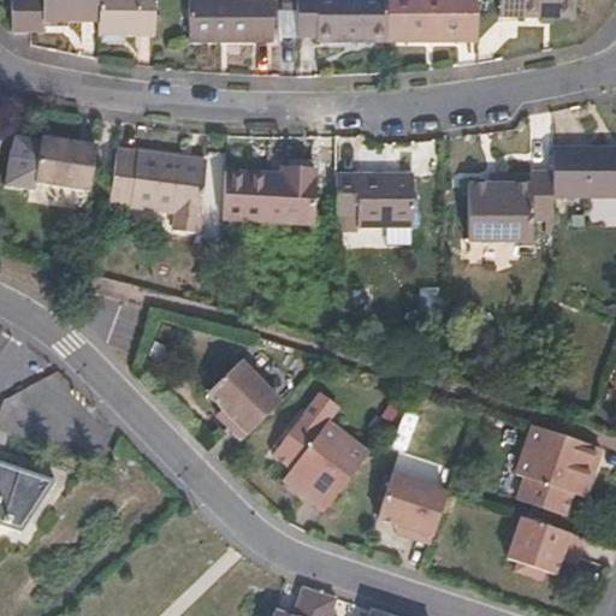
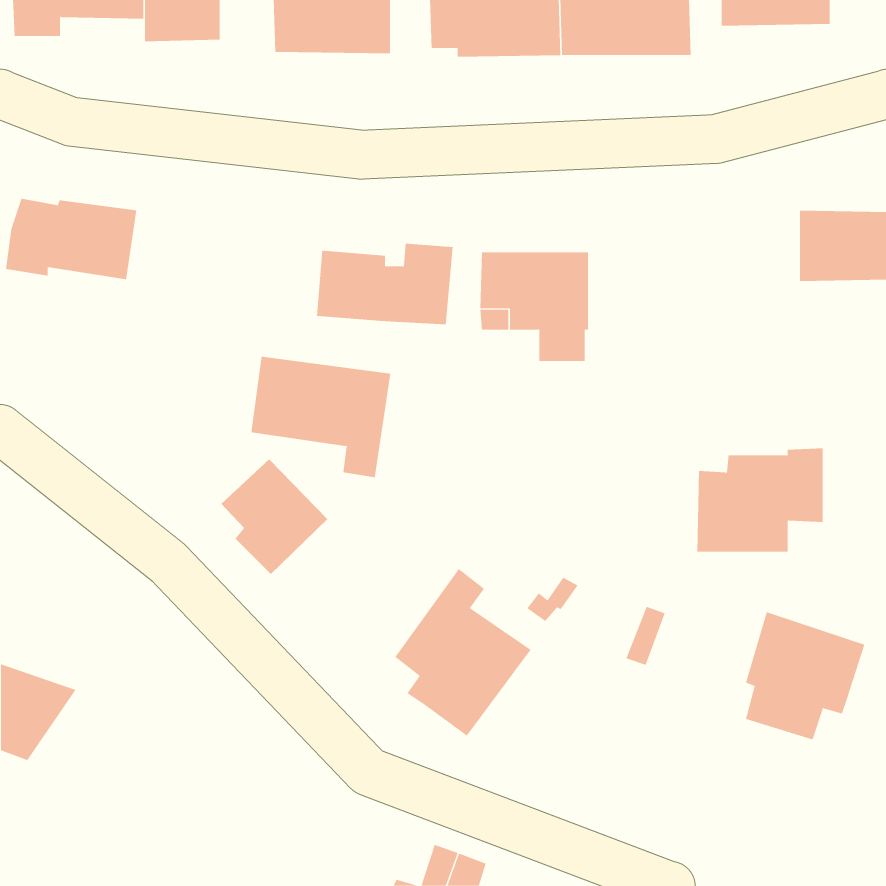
building: [108,152,206,236] -> [250,356,391,478]
building: [467,168,555,241] -> [697,448,823,552]
building: [206,361,280,442] -> [220,459,328,575]
building: [378,474,448,543] -> none
building: [508,516,584,580] -> none

